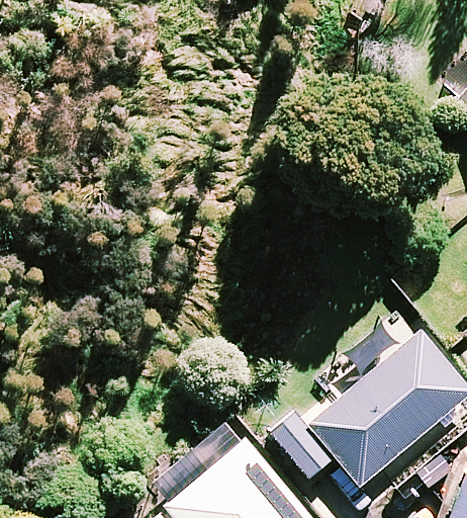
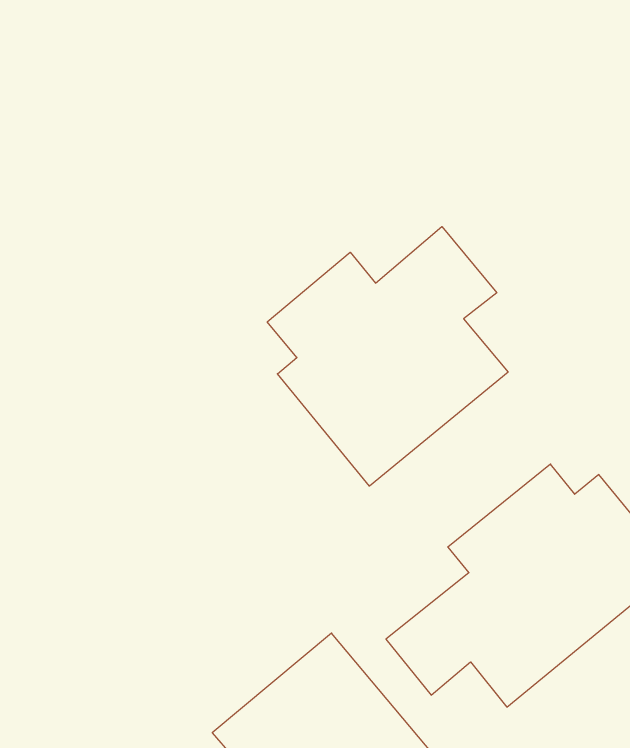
building: none -> [267,227,508,486]

